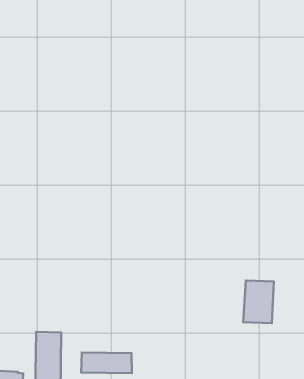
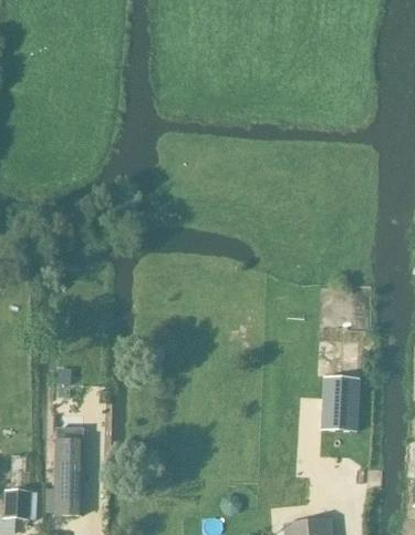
building: [81,352,132,373] -> none

